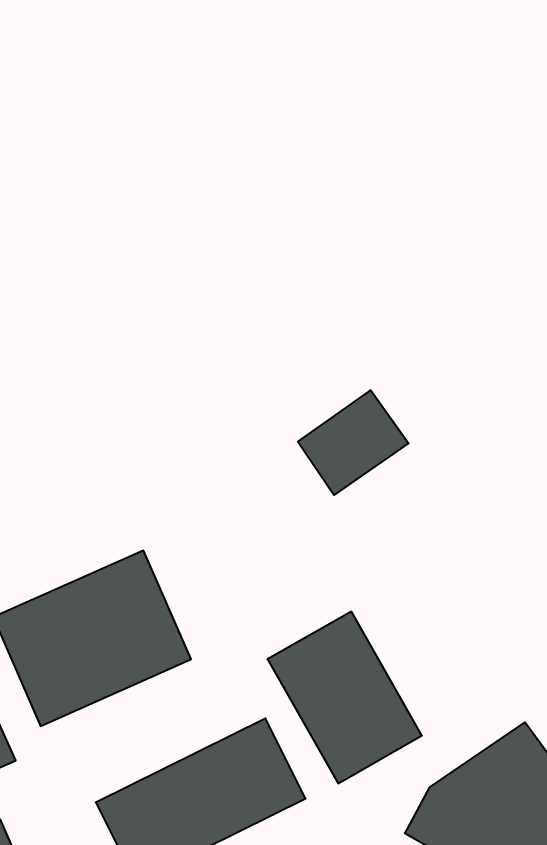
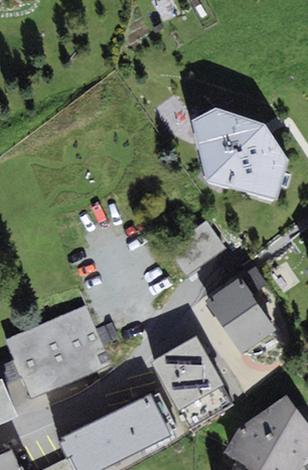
building: none -> [191,108,289,200]
building: none -> [204,277,276,354]

